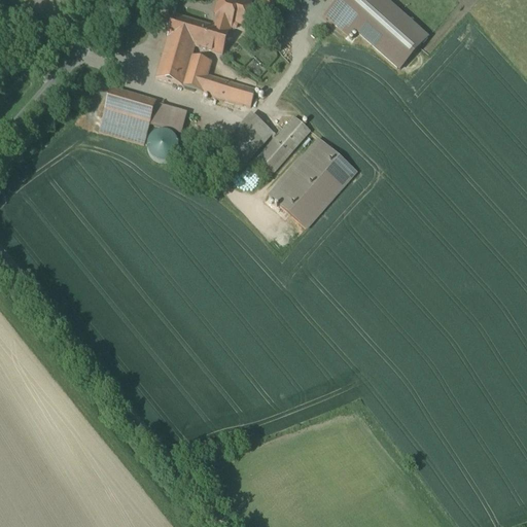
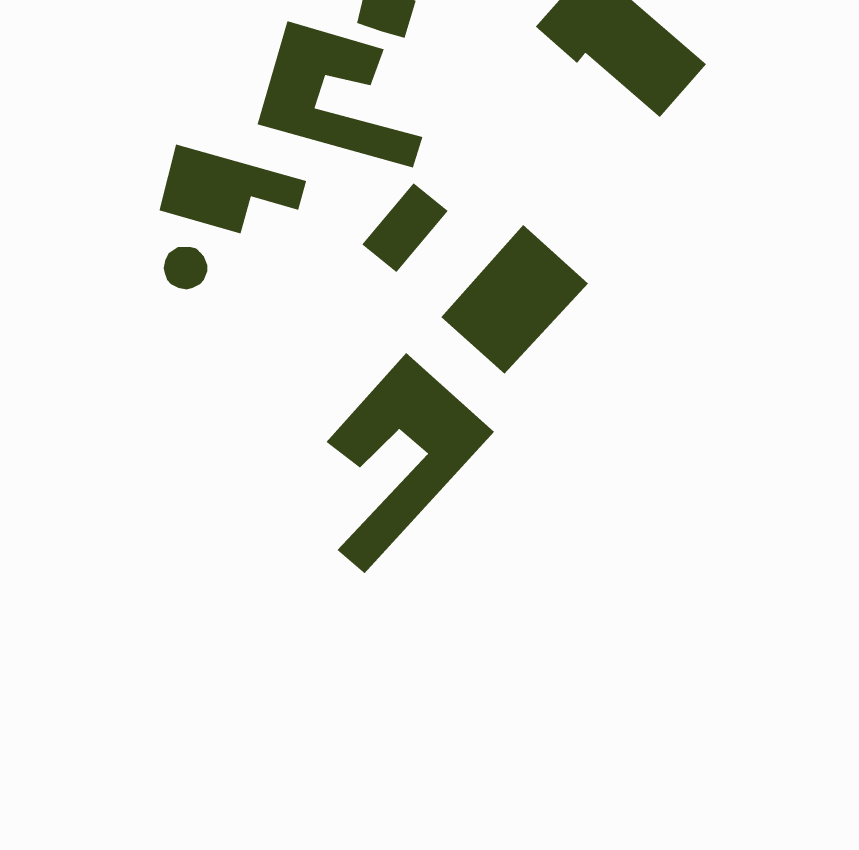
building: [257,113,312,169] -> none
building: [151,129,179,155] -> [163,246,208,290]
building: none -> [326,352,495,574]

